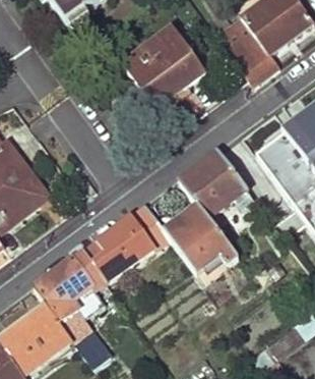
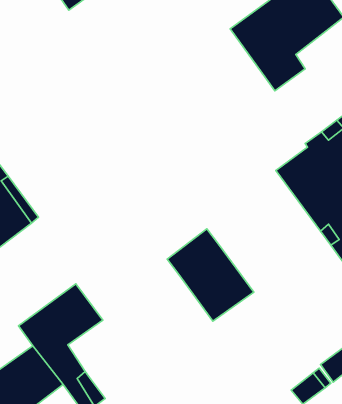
building: [133,15,217,98] -> none
building: [177,151,252,218] -> none
building: [81,207,171,289] -> none

